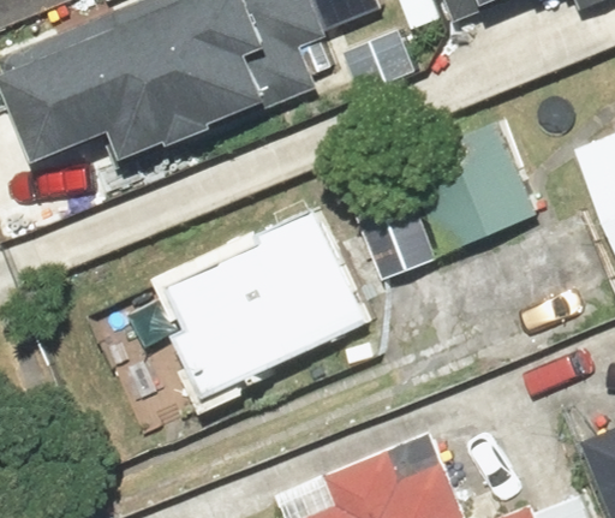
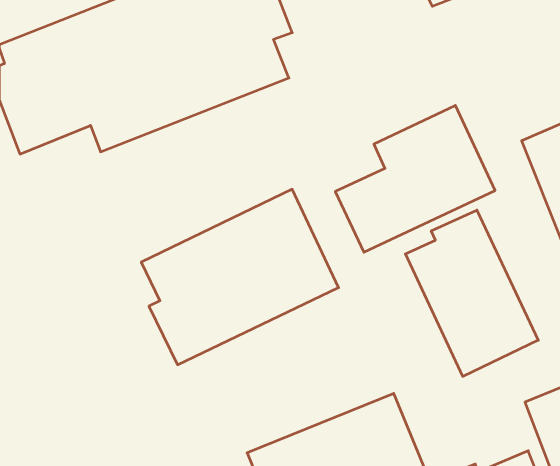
building: none -> [405,210,538,376]

